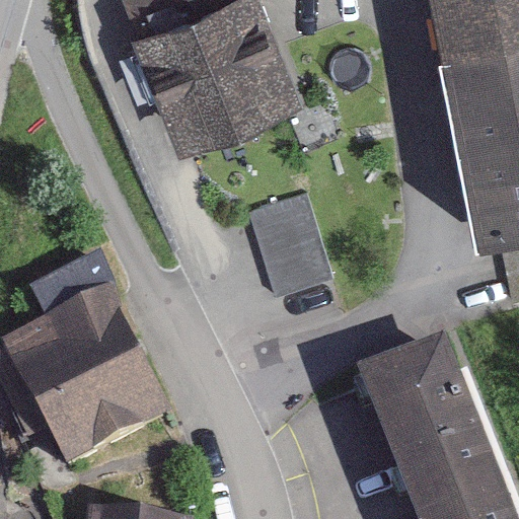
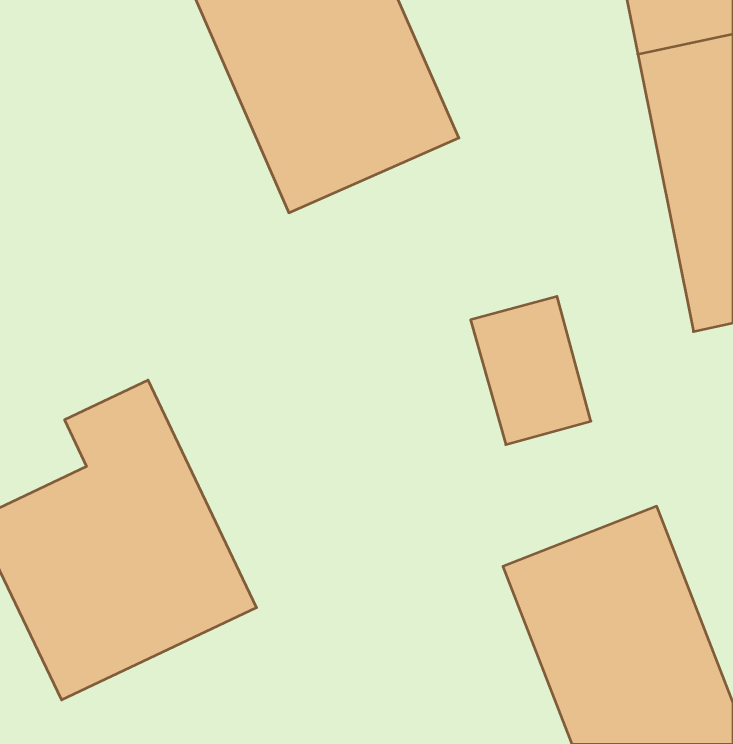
building: [241,186,324,288] -> [471,296,591,445]

